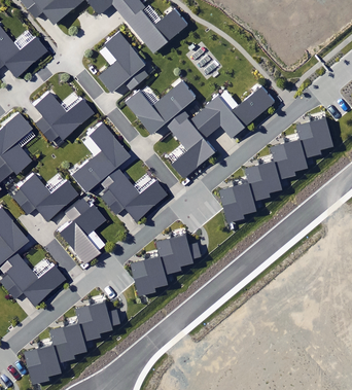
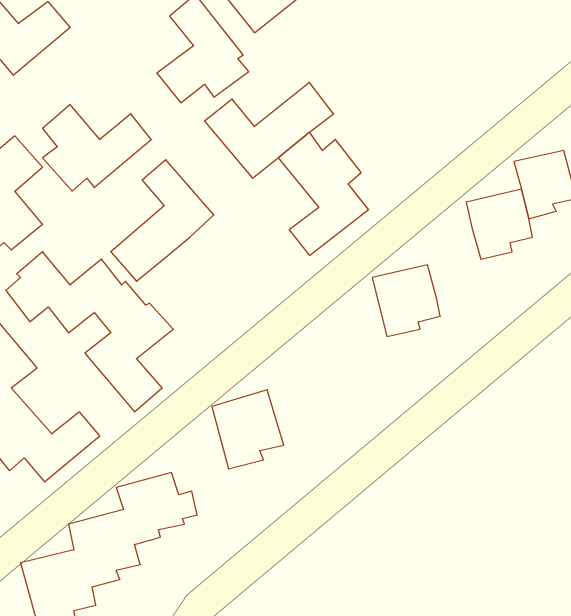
building: [198,85,275,137] -> none
building: [245,161,282,201] -> none
building: [102,167,170,222] -> none
building: [156,232,201,273] -> none

